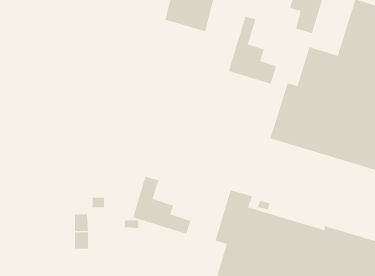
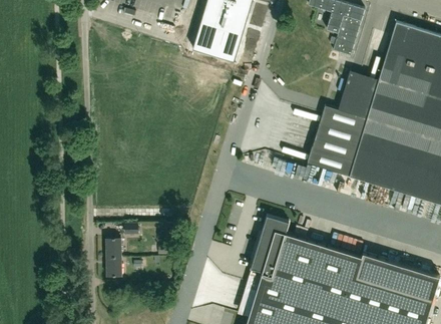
building: [228,16,277,85] -> none
building: [132,176,191,234] -> none

